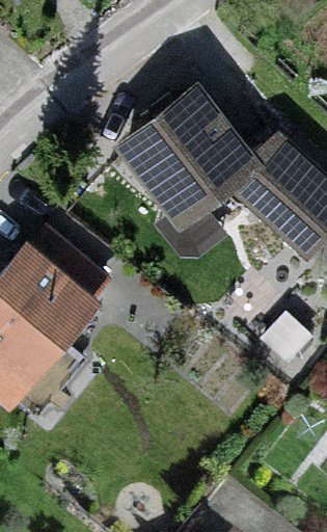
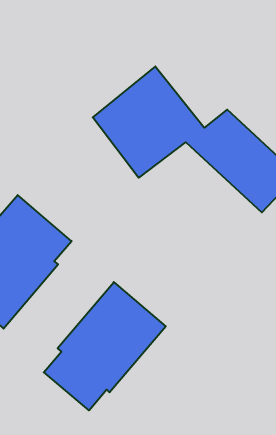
building: none -> [44,282,166,410]

